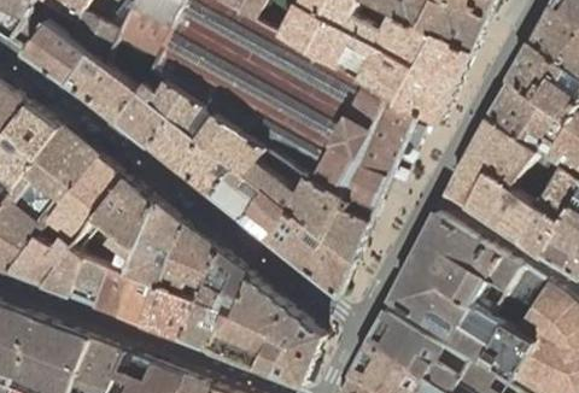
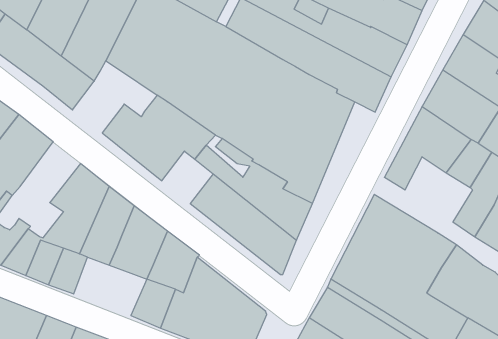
building: [116,70,205,146] -> none
building: [46,156,124,241] -> none
building: [210,165,264,221] -> none
building: [467,171,538,240] -> none
building: [117,277,194,339] -> none

